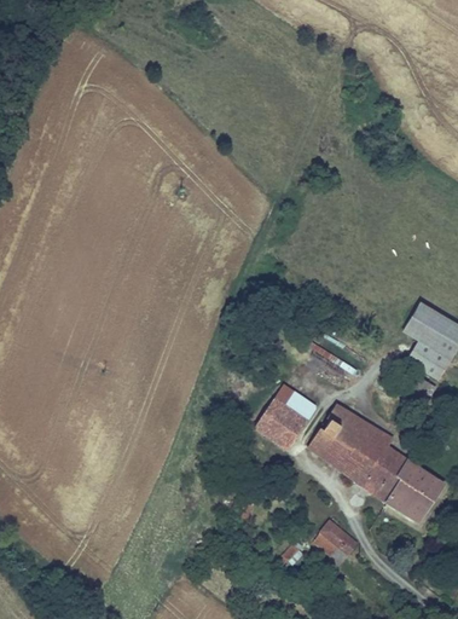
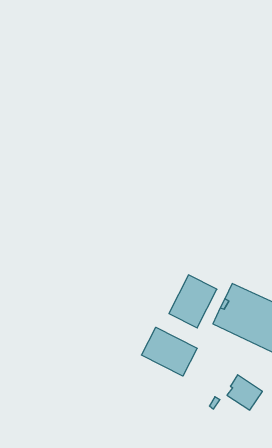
building: none -> [141,327,197,376]

